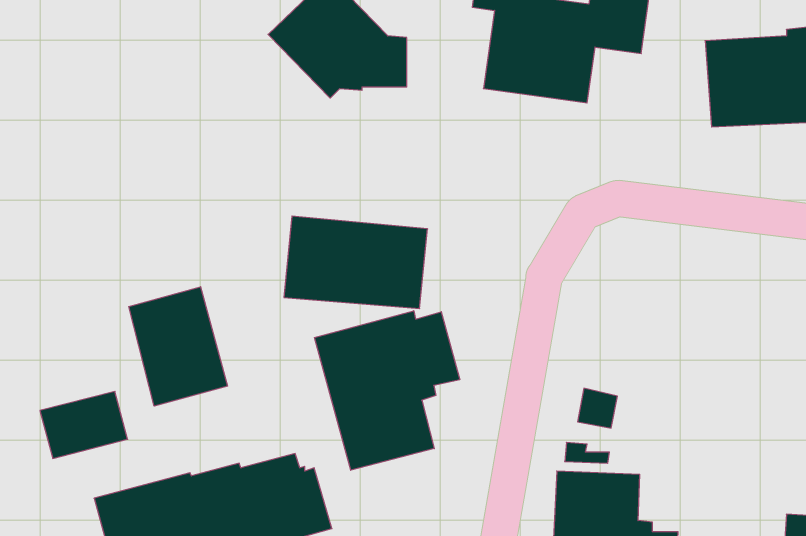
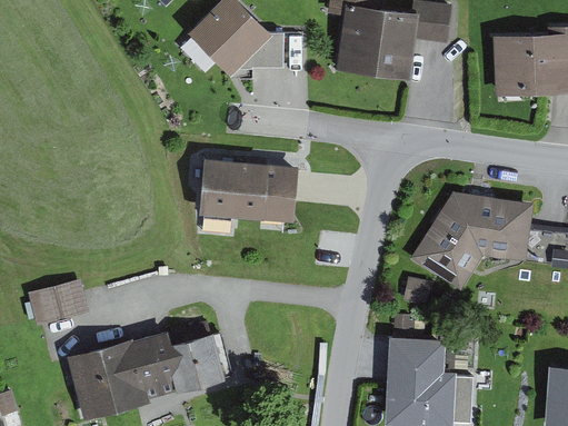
building: none -> [410,192,534,293]
building: [129,287,228,406] -> none
building: [314,311,460,470] -> none

